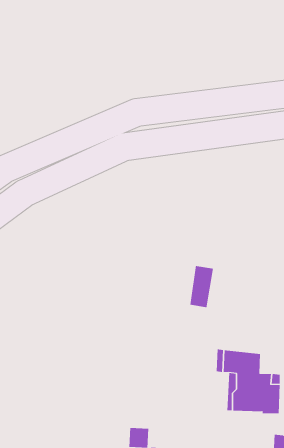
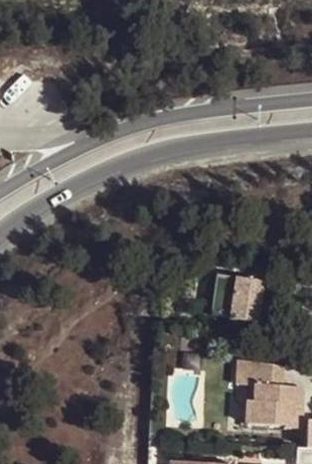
building: none -> [228,278,264,322]

